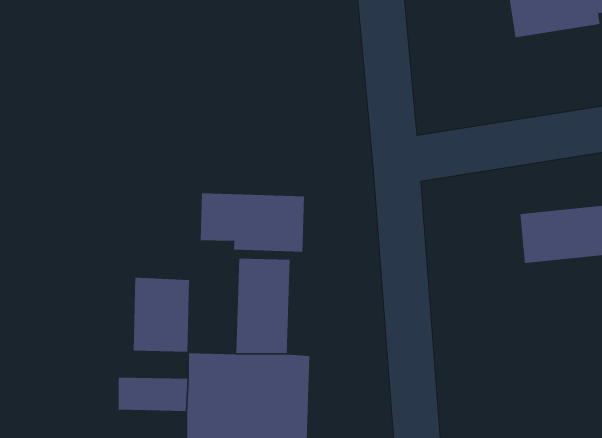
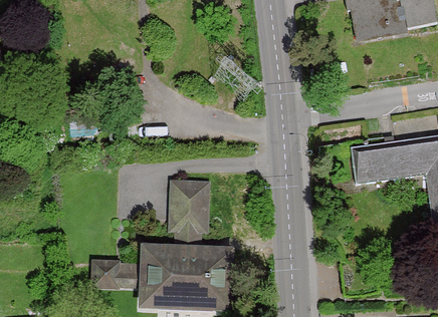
building: [200,192,305,253] -> none
building: [133,277,190,352] -> none

